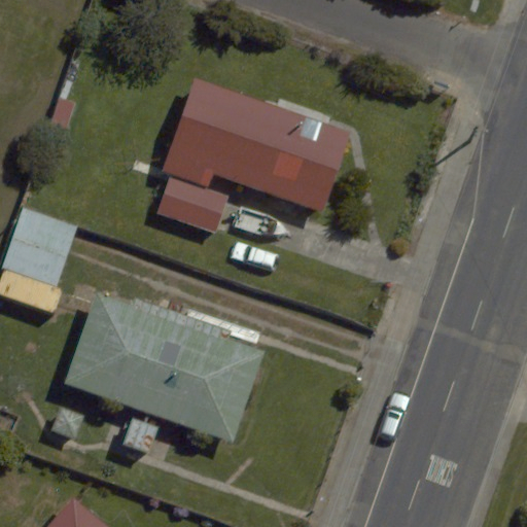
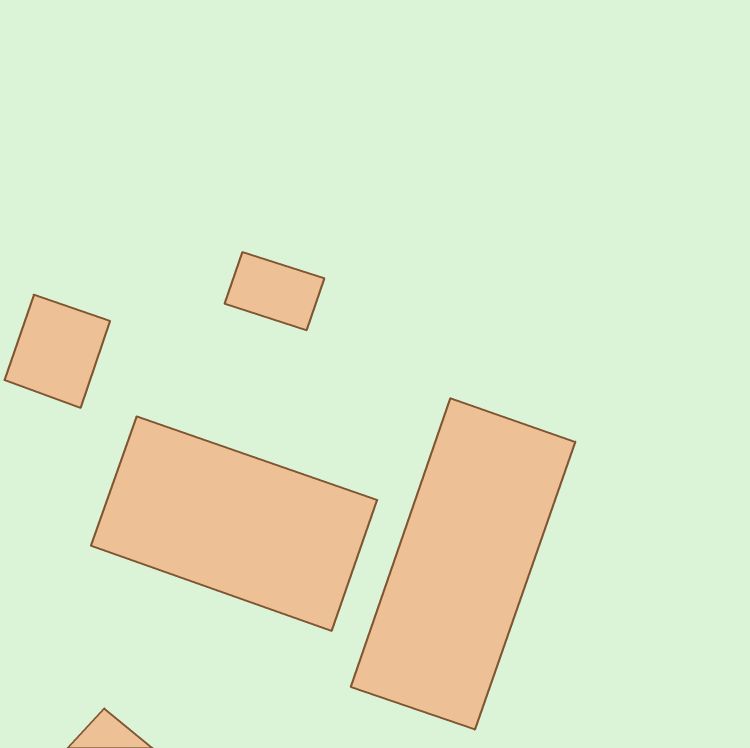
building: [163,78,349,210] -> none
building: none -> [351,398,575,730]

